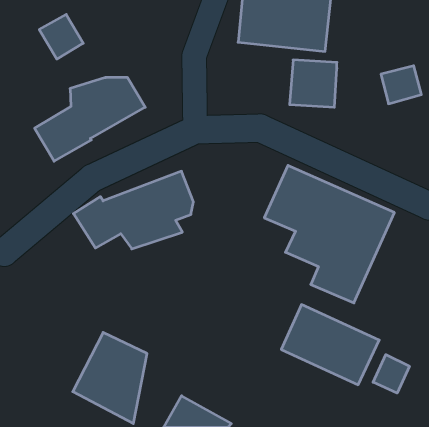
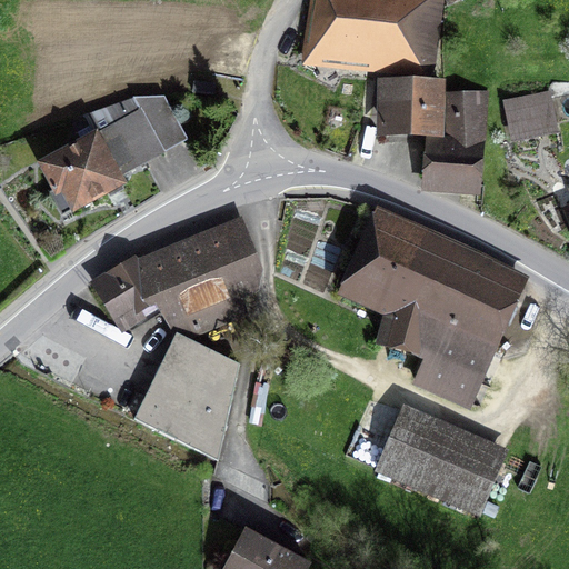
building: [39,14,83,59] -> none
building: none -> [437,90,489,191]
building: [73,332,147,424] -> [137,333,234,453]
building: [373,355,409,393] -> none

